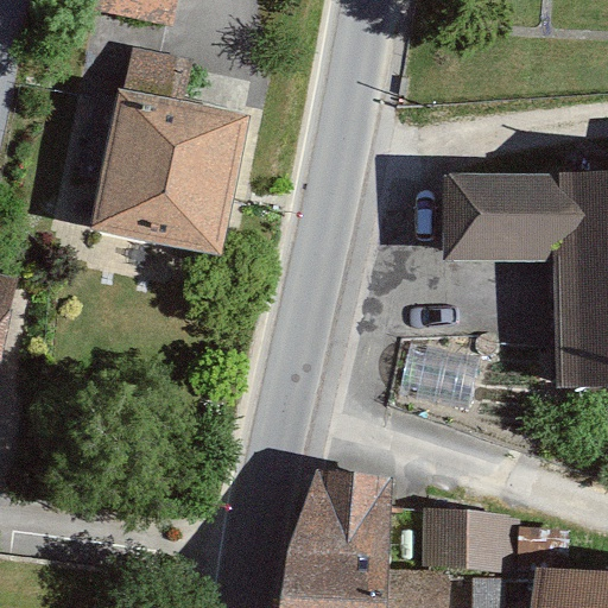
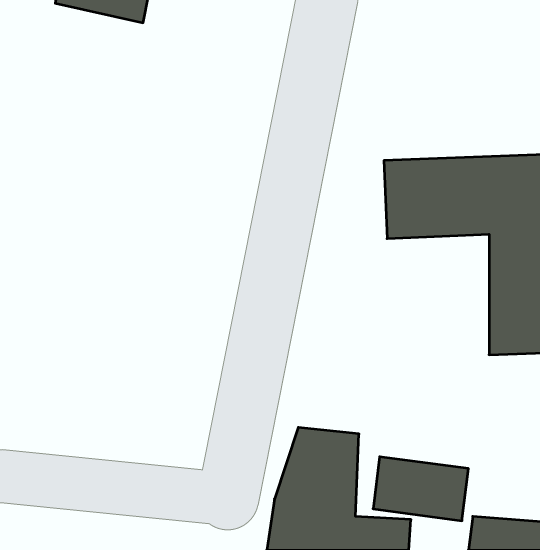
building: [84,94,245,261] -> none

